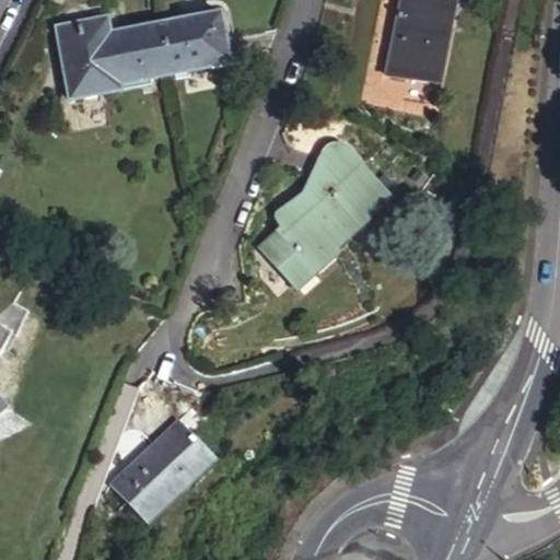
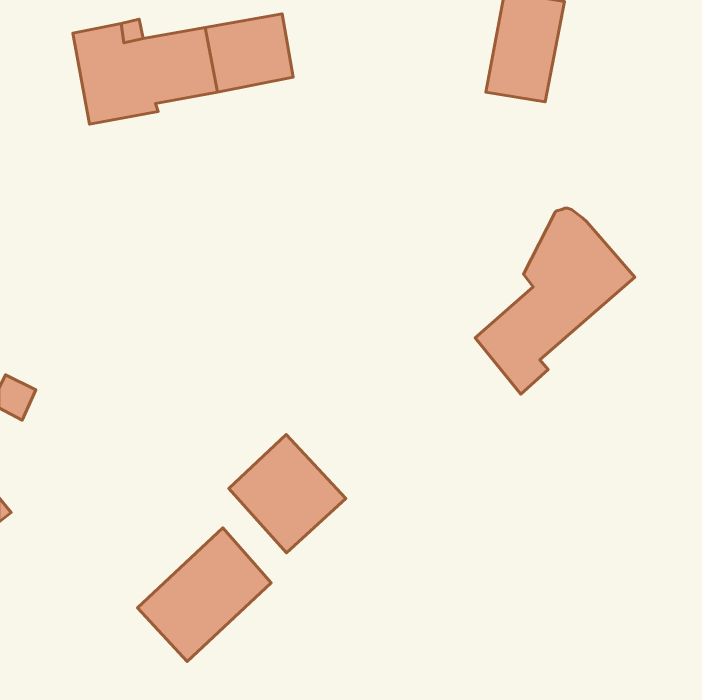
building: [260,141,387,289] -> [475,208,635,394]
building: none -> [229,434,346,553]

